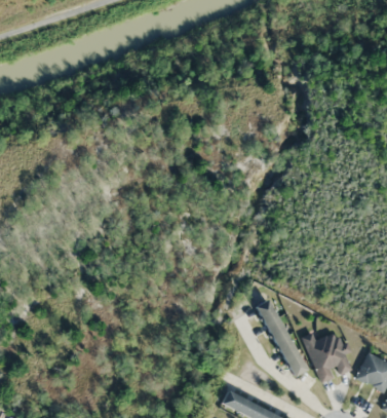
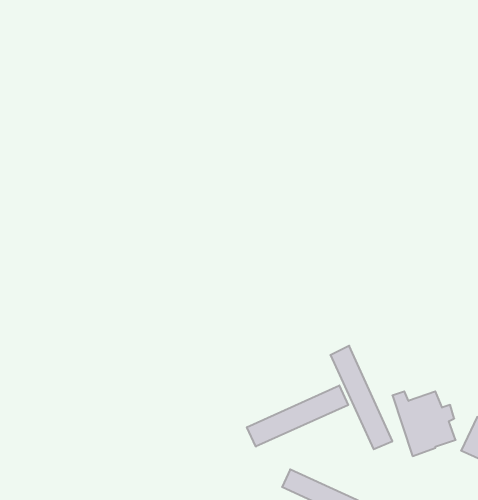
building: none -> [247,385,348,447]

